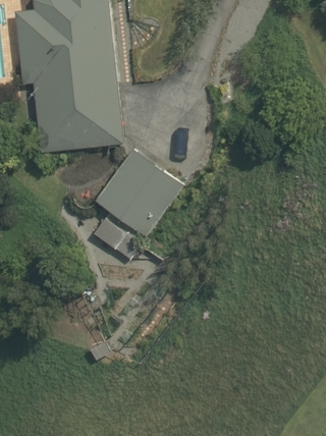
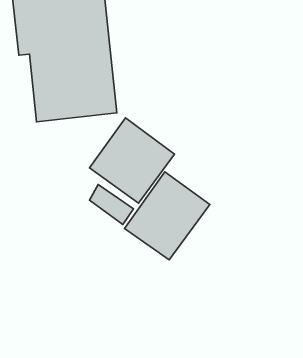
building: none -> [125,172,210,260]

